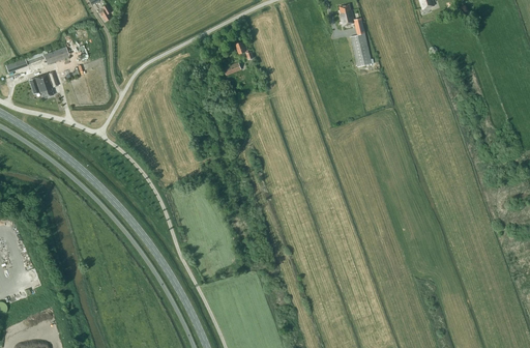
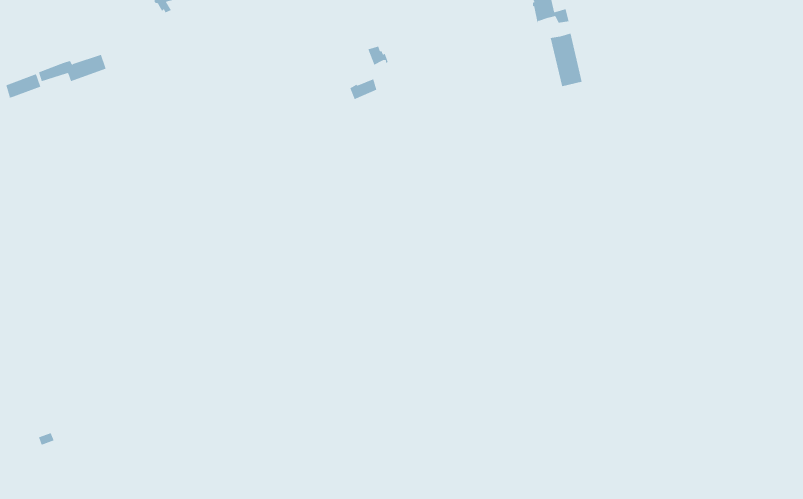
building: [29,71,58,98] -> none

